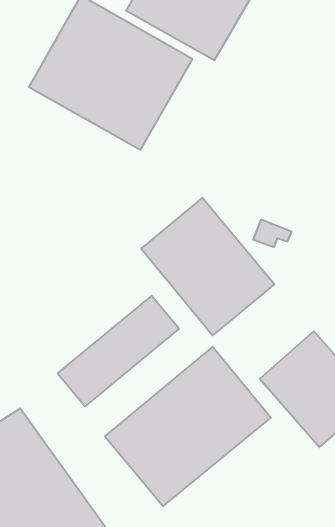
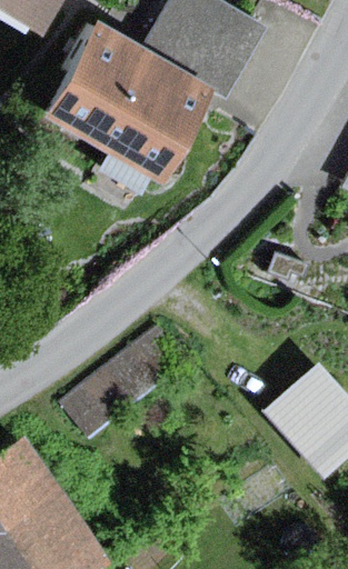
building: [141,198,274,335] -> none
building: [105,347,271,506] -> none

